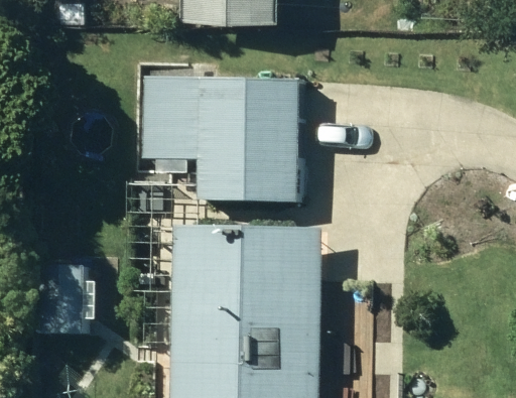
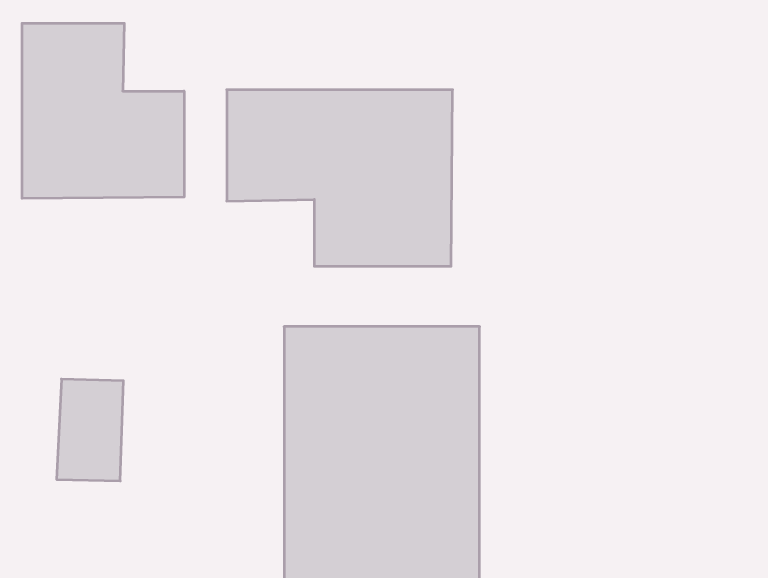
building: none -> [22,23,184,198]

